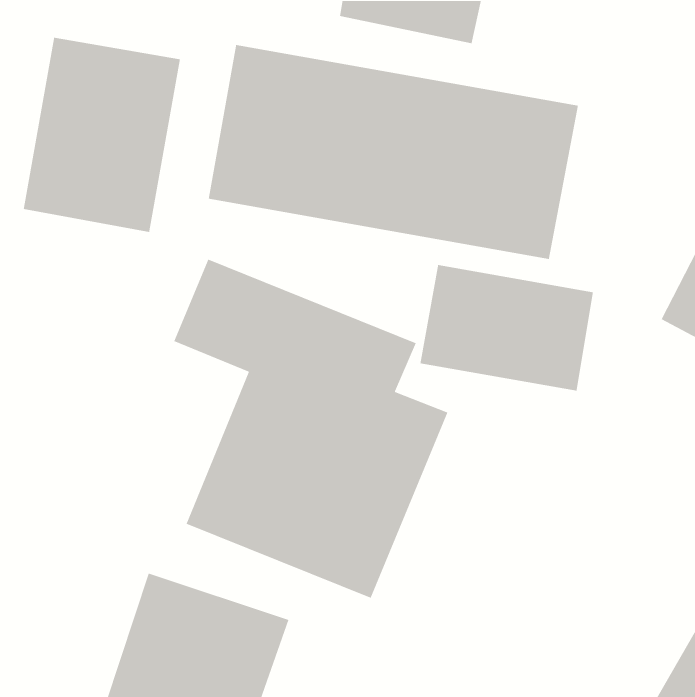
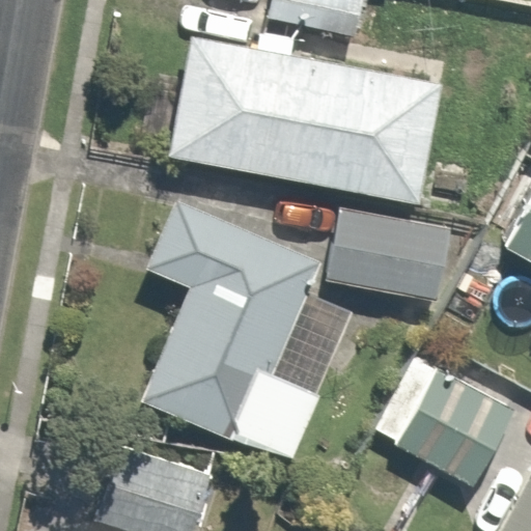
building: [23,37,181,233] -> none
building: none -> [372,348,520,488]

